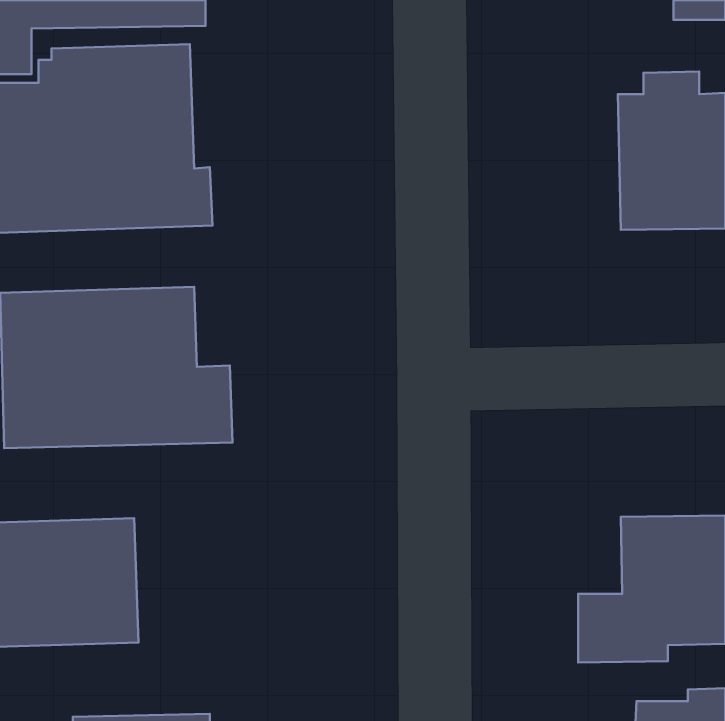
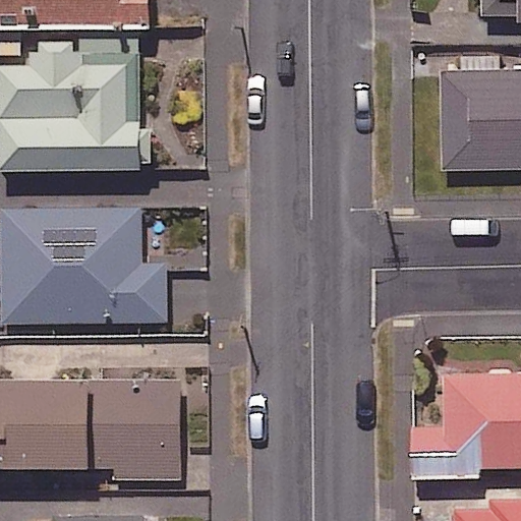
building: none -> [96,372,187,486]

